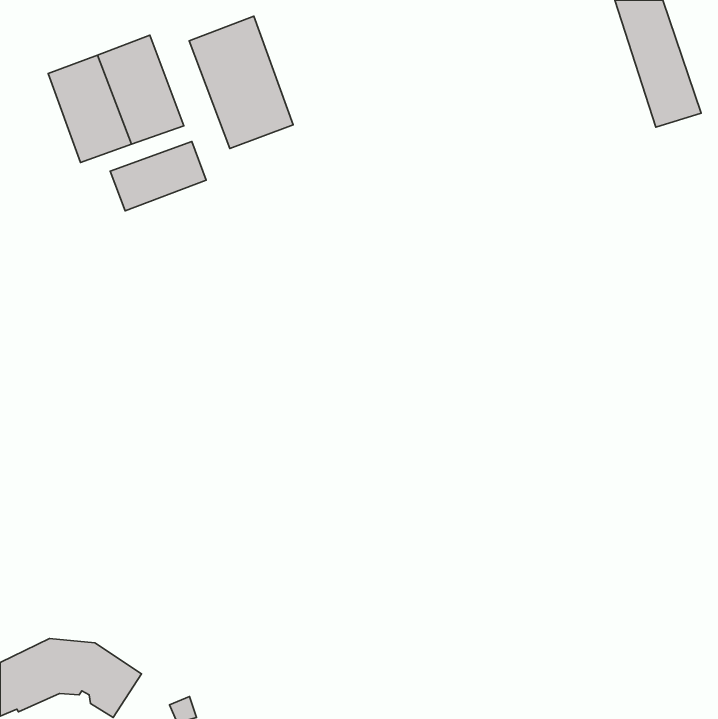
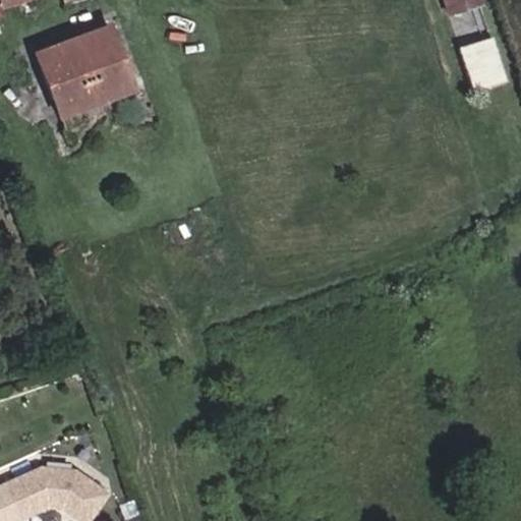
building: [189,16,293,148] -> none
building: [110,141,206,211] -> none

